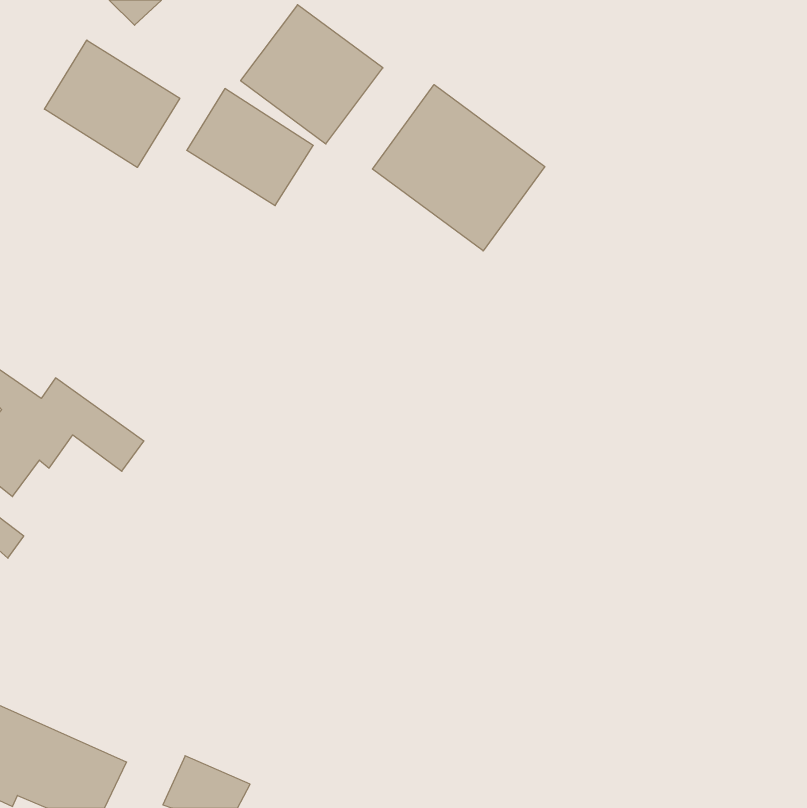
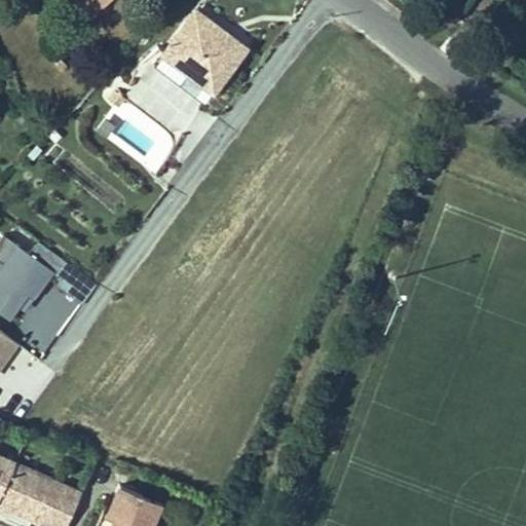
building: [44,40,180,167] -> none
building: [372,85,545,251] -> none

